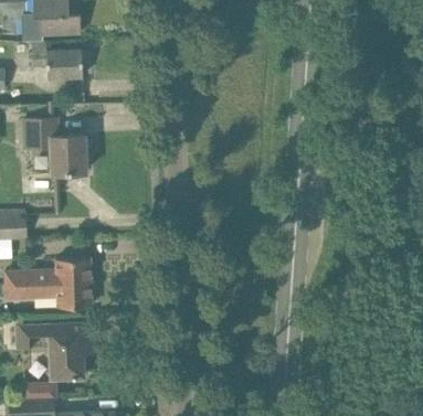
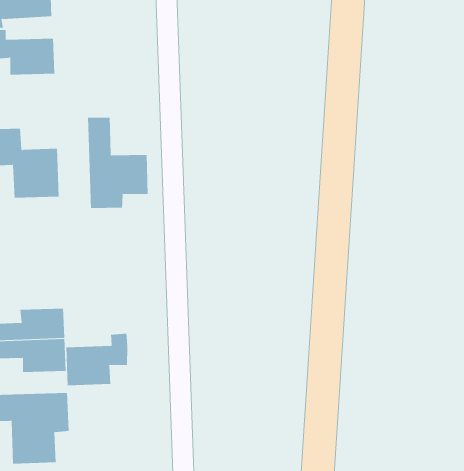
building: none -> [88,117,148,209]
building: none -> [66,333,128,386]

